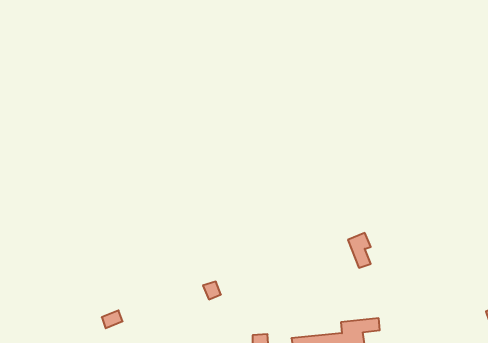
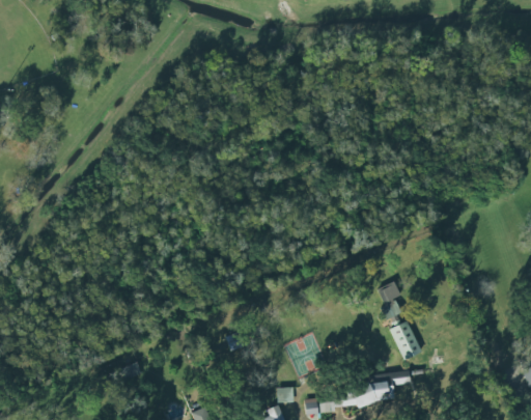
building: none -> [390,321,422,361]

